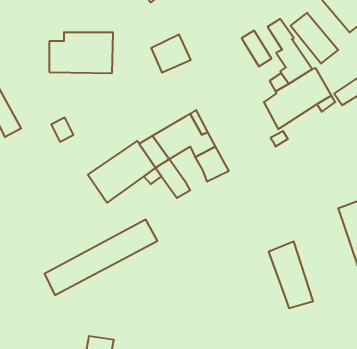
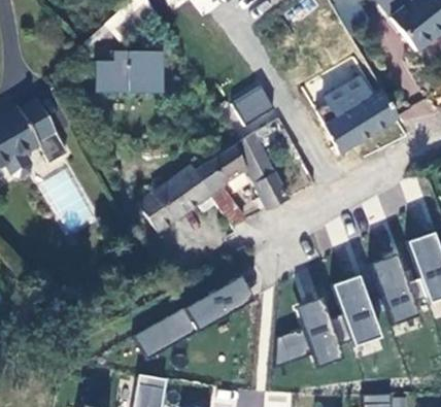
building: [291,13,338,64] -> none
building: [151,35,191,72] -> [233,84,275,125]
building: [44,220,157,295] -> [136,275,257,355]
building: none -> [368,251,416,323]
building: none -> [275,295,351,366]

